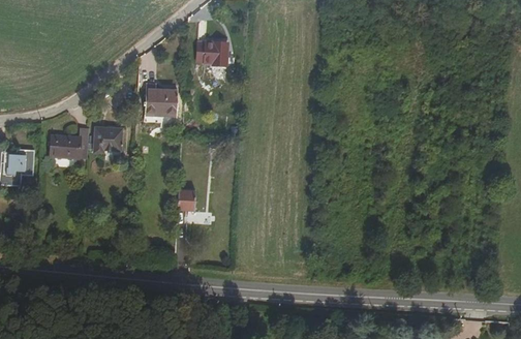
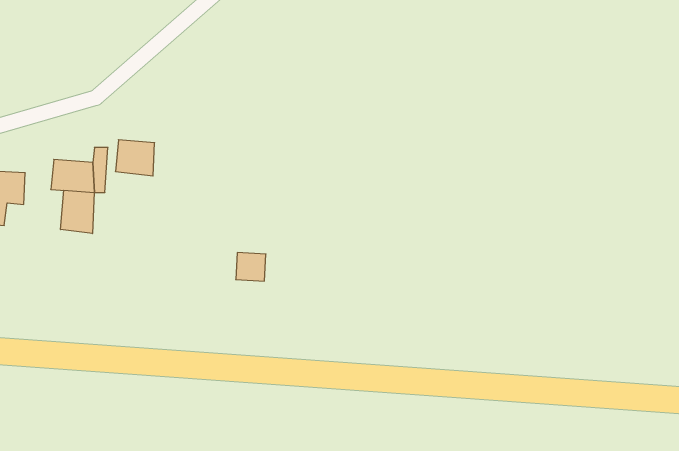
building: [194,42,225,64] -> none
building: [146,83,175,115] -> none
building: none -> [61,190,94,234]

